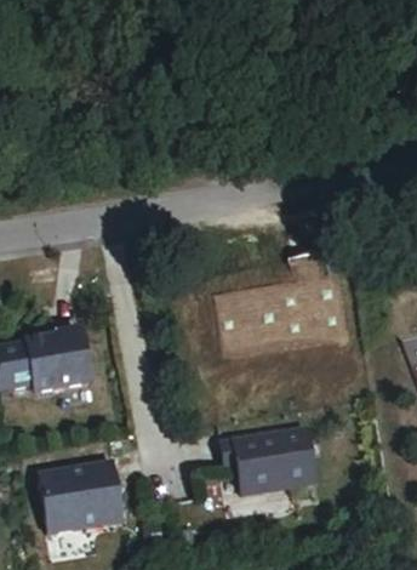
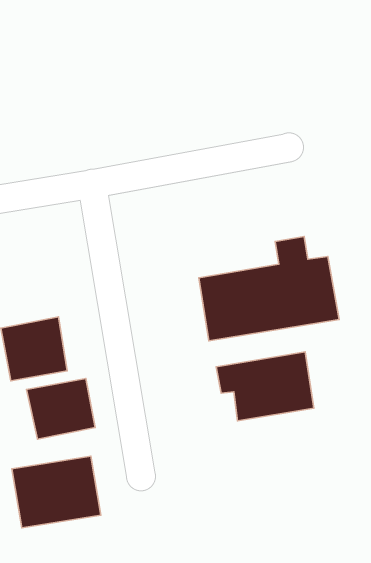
building: none -> [26,379,95,439]
building: [221,429,315,496] -> [216,352,314,421]

